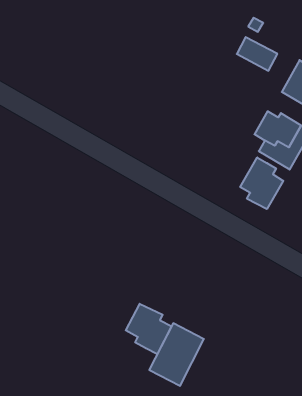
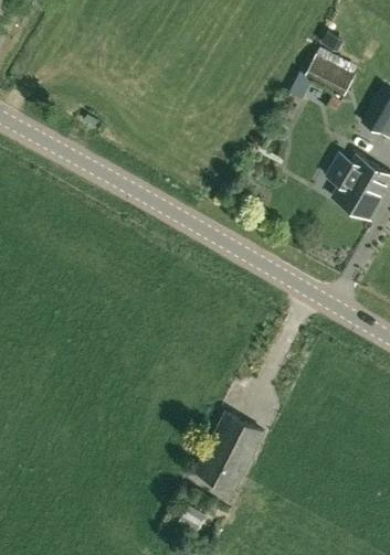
building: [240,157,283,209] -> none
building: [126,304,172,354] -> none

